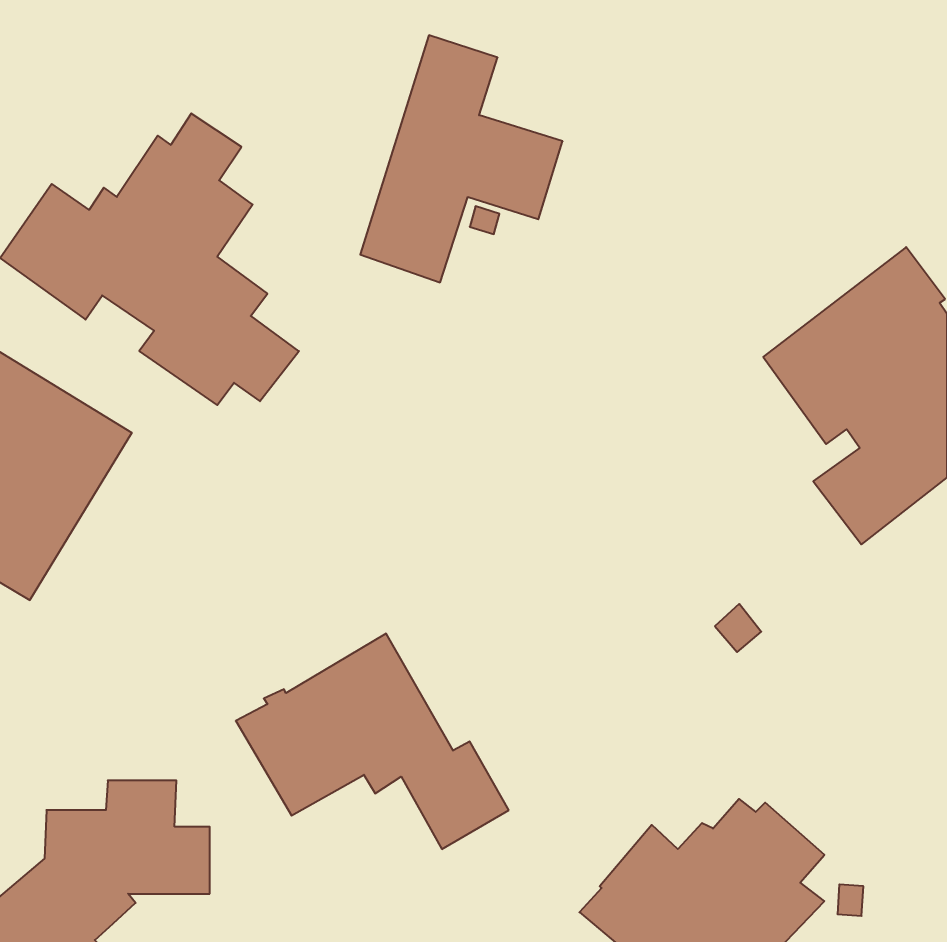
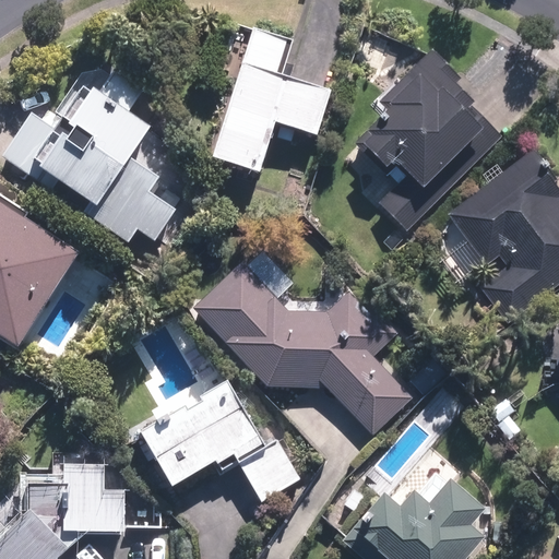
building: none -> [354,48,501,231]
building: none -> [192,262,412,437]

